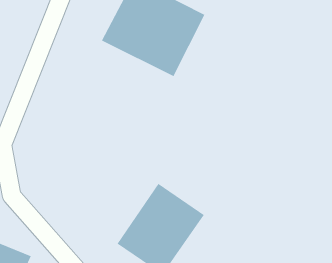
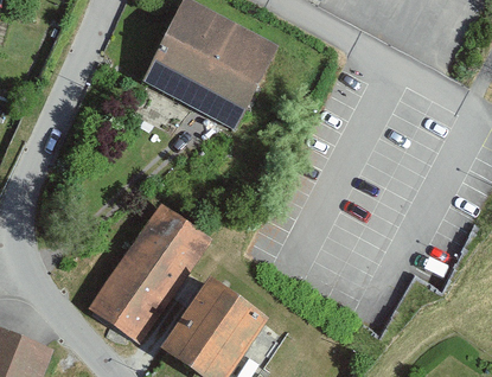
building: none -> [79,193,211,340]

